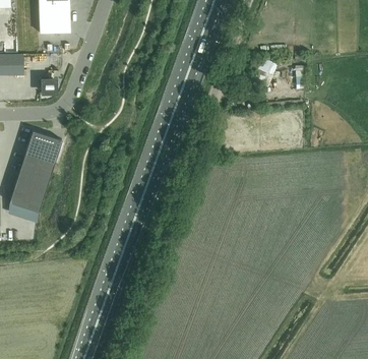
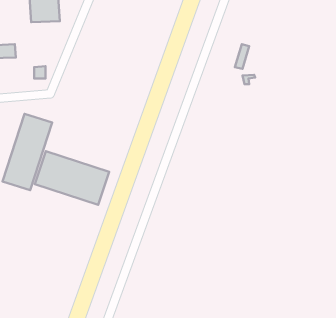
building: none -> [35,151,109,205]

